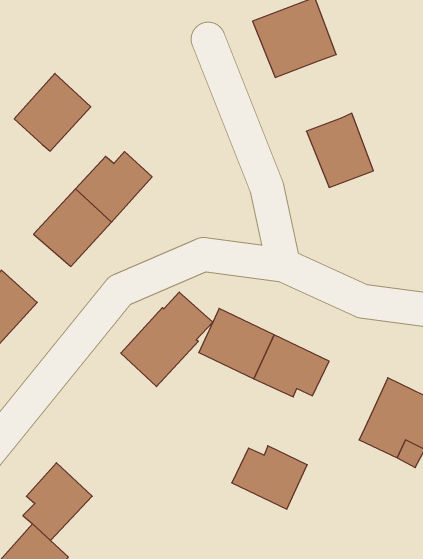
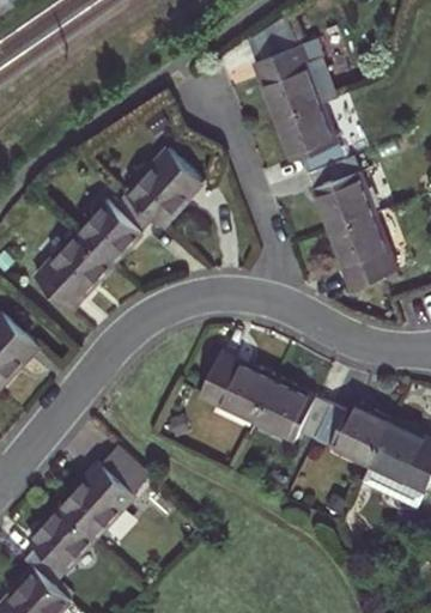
building: none -> [277,104,342,175]
building: [14,73,91,151] -> [126,150,202,227]
building: none -> [330,214,396,289]
building: [121,292,213,387] -> [57,445,150,540]
building: [232,446,307,509] -> [314,402,389,466]

